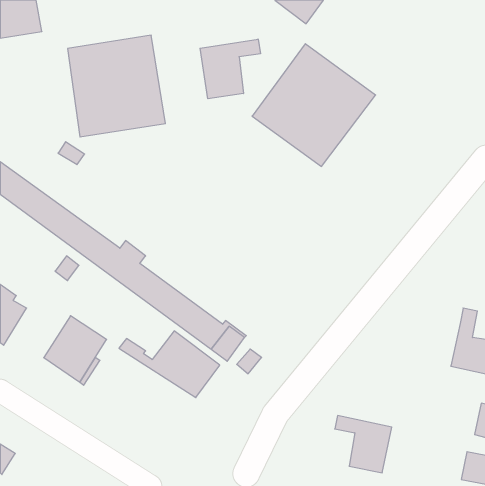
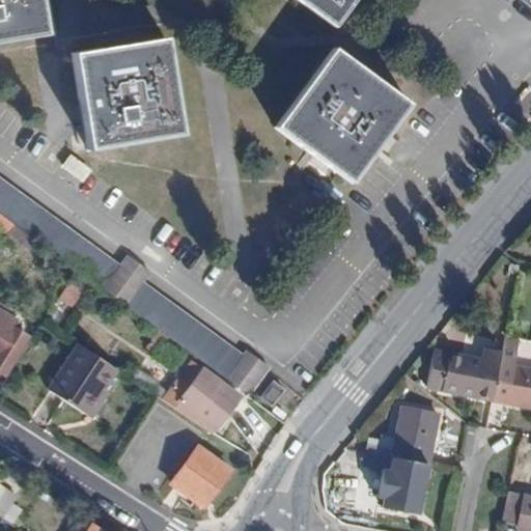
building: [200,39,260,99] -> none
building: none -> [427,348,503,399]
building: none -> [369,408,439,466]
building: none -> [171,446,231,507]

